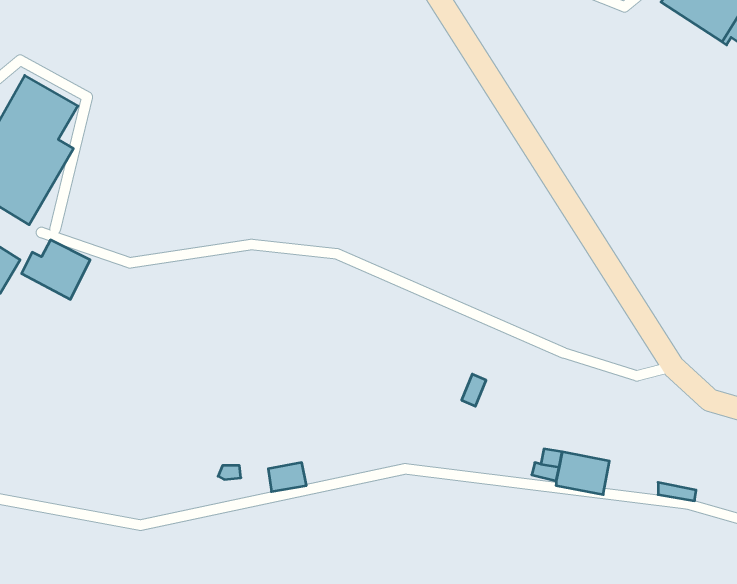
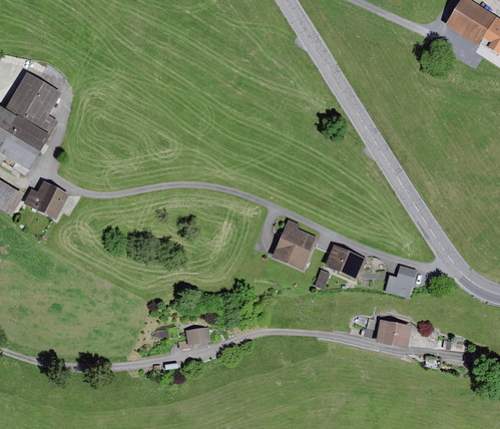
building: none -> [273,220,316,269]
building: none -> [326,246,367,278]
building: none -> [384,265,416,298]

